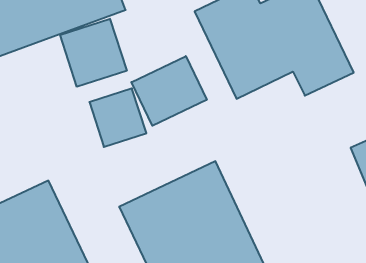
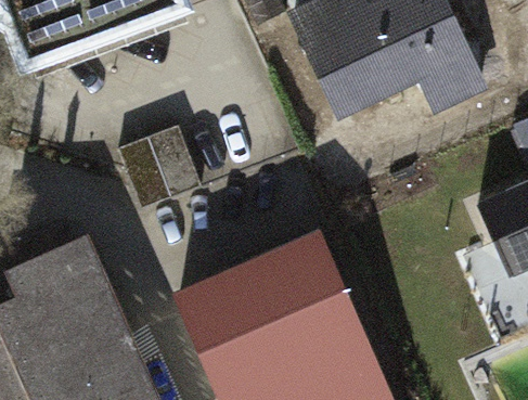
building: [60,19,127,87] -> none
building: [131,56,207,126] -> none

